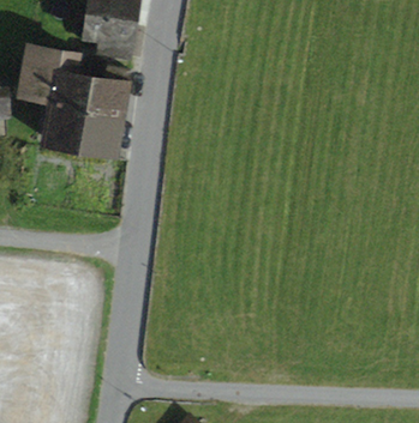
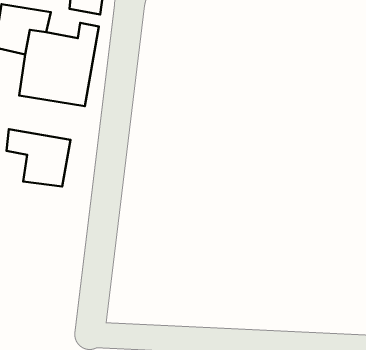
building: none -> [7,129,71,186]

